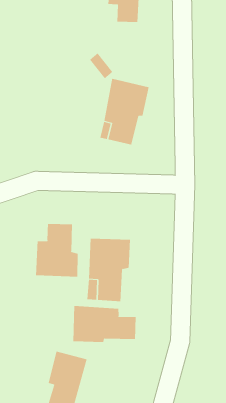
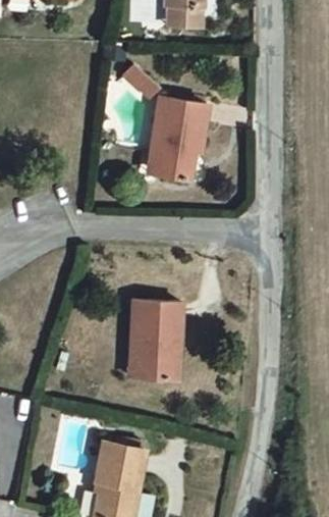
building: [36,223,78,278] -> none
building: [73,305,136,343] -> none

